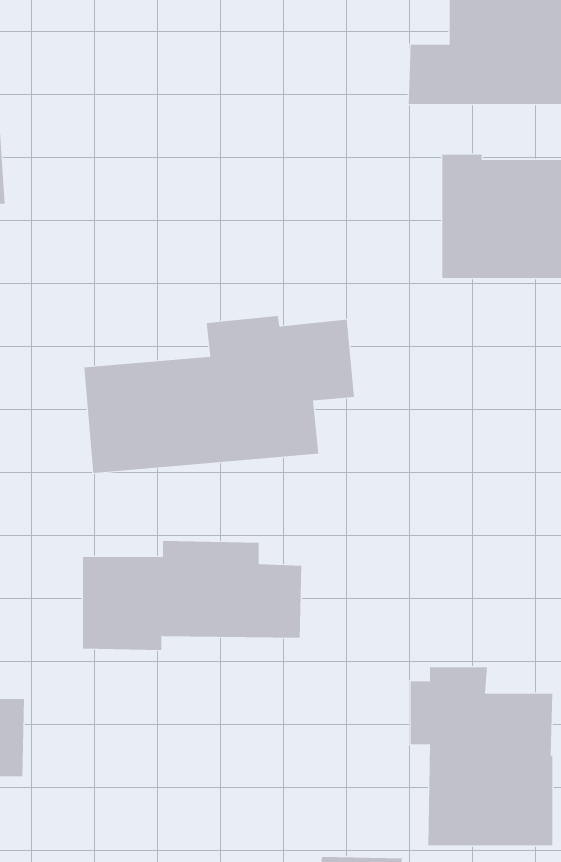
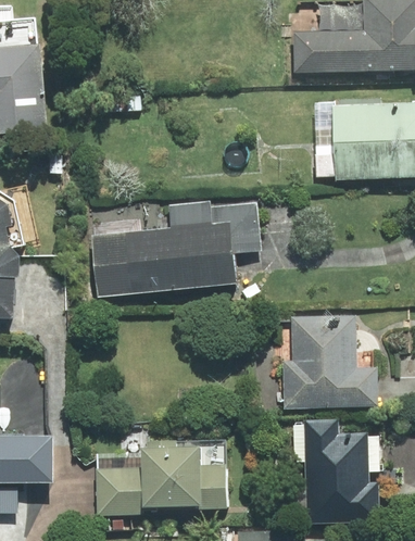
building: none -> [281,315,379,407]
building: [82,541,302,651] -> [95,448,229,515]

